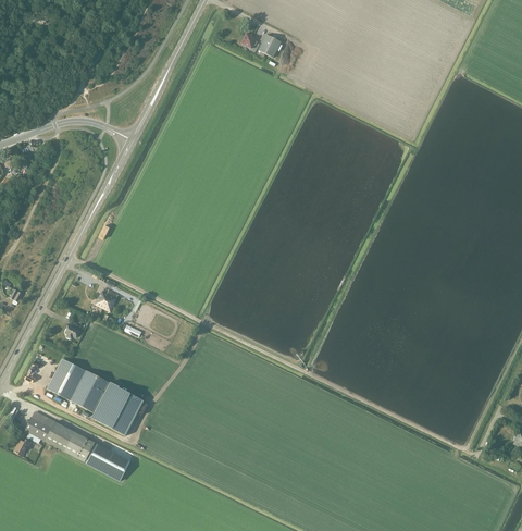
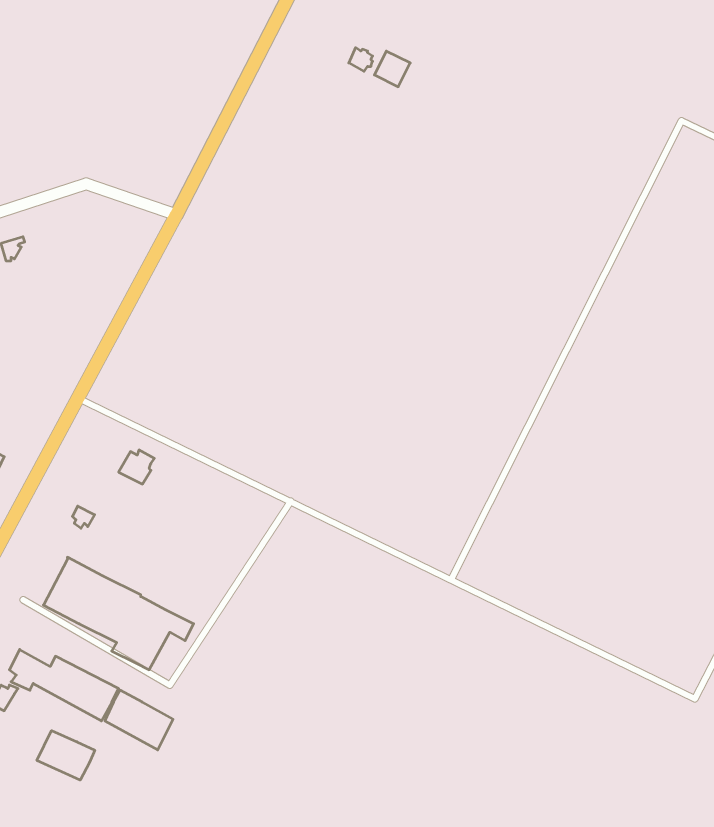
building: none -> [37,731,95,780]

